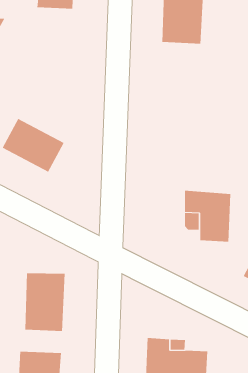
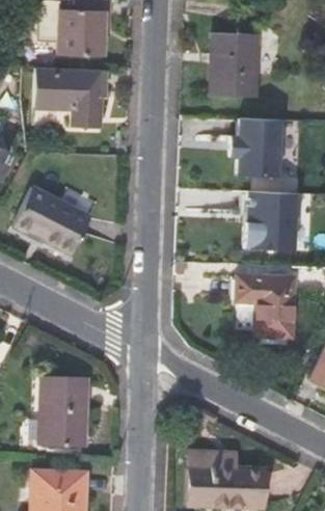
building: none -> [35,70,101,126]
building: none -> [233,116,283,176]
building: none -> [247,190,303,248]

